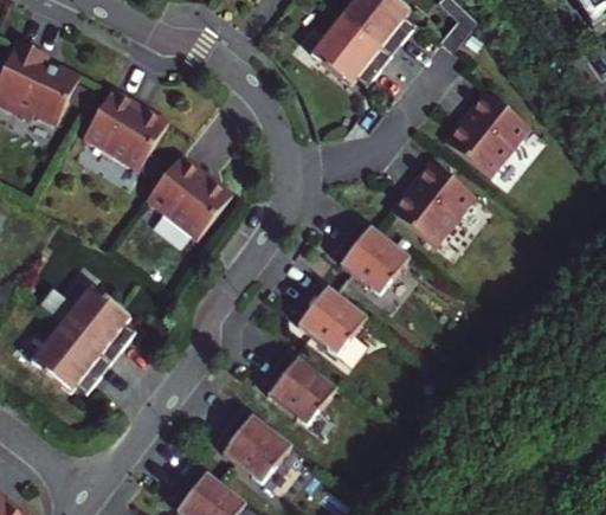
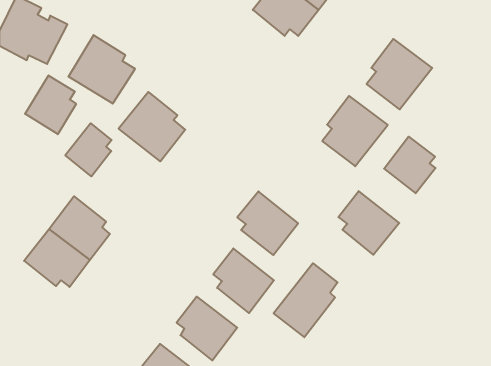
building: none -> [25,75,76,134]
building: none -> [65,123,112,176]
building: none -> [384,137,436,193]
building: [337,219,412,297] -> [338,191,399,255]
building: none -> [274,263,338,337]

